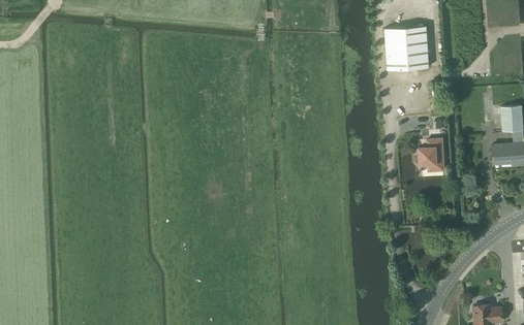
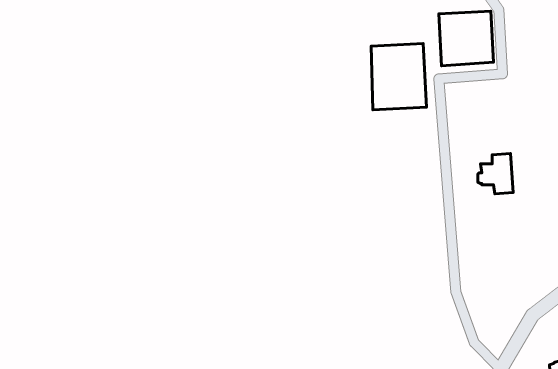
building: none -> [371,44,426,110]

